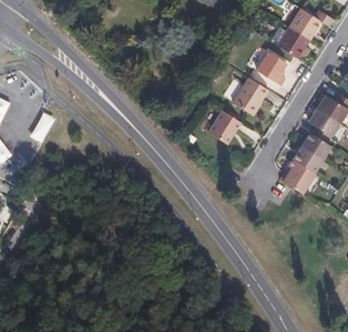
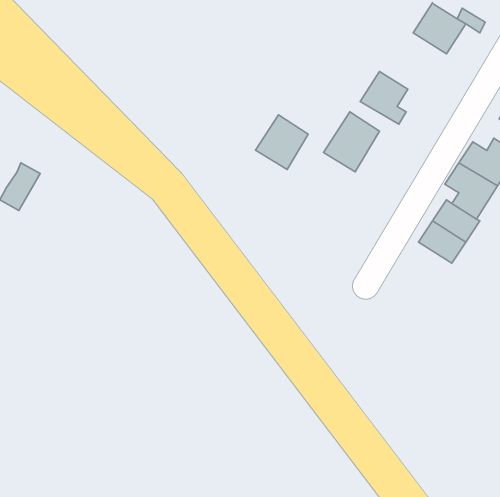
building: [277,28,310,60] -> none
building: [208,111,242,145] -> [256,115,308,169]
building: [279,160,315,194] -> none

